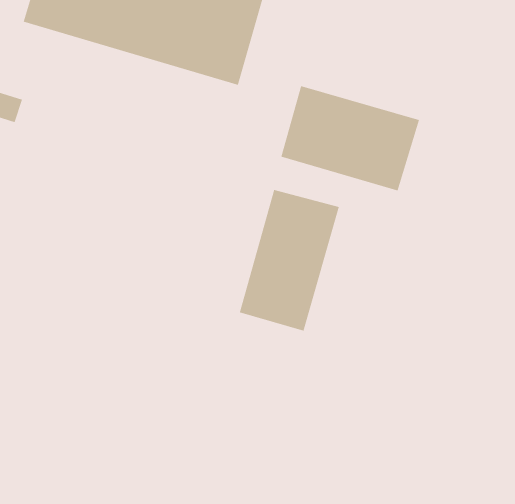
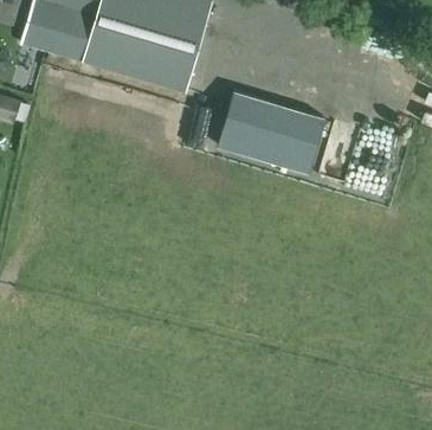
building: [239,189,339,332] -> none

